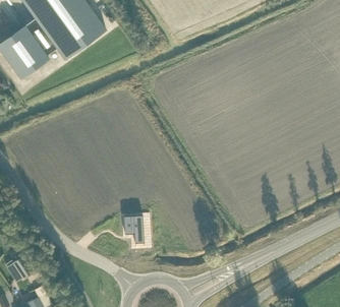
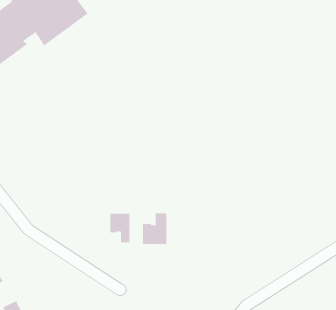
building: none -> [142,212,167,245]

